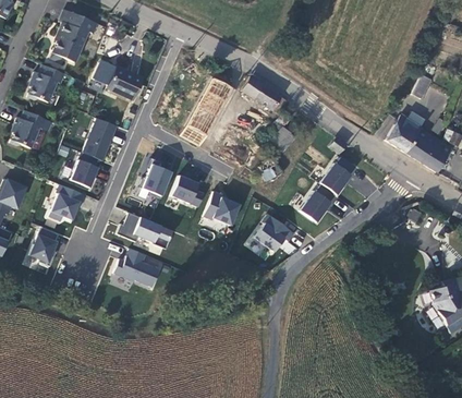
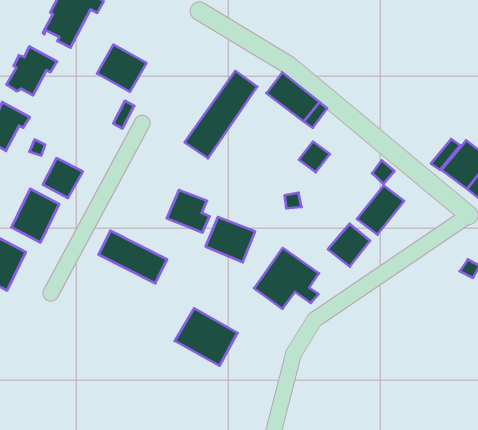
building: [81,116,117,160] -> none
building: [141,161,172,197] -> none
building: [114,245,163,289] -> [175,308,238,366]

